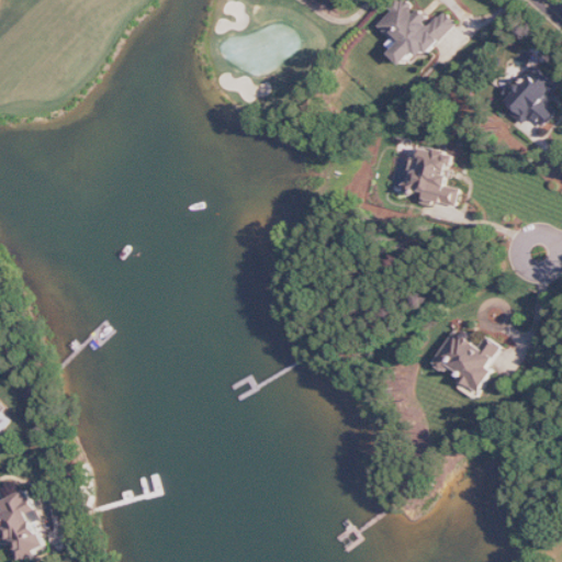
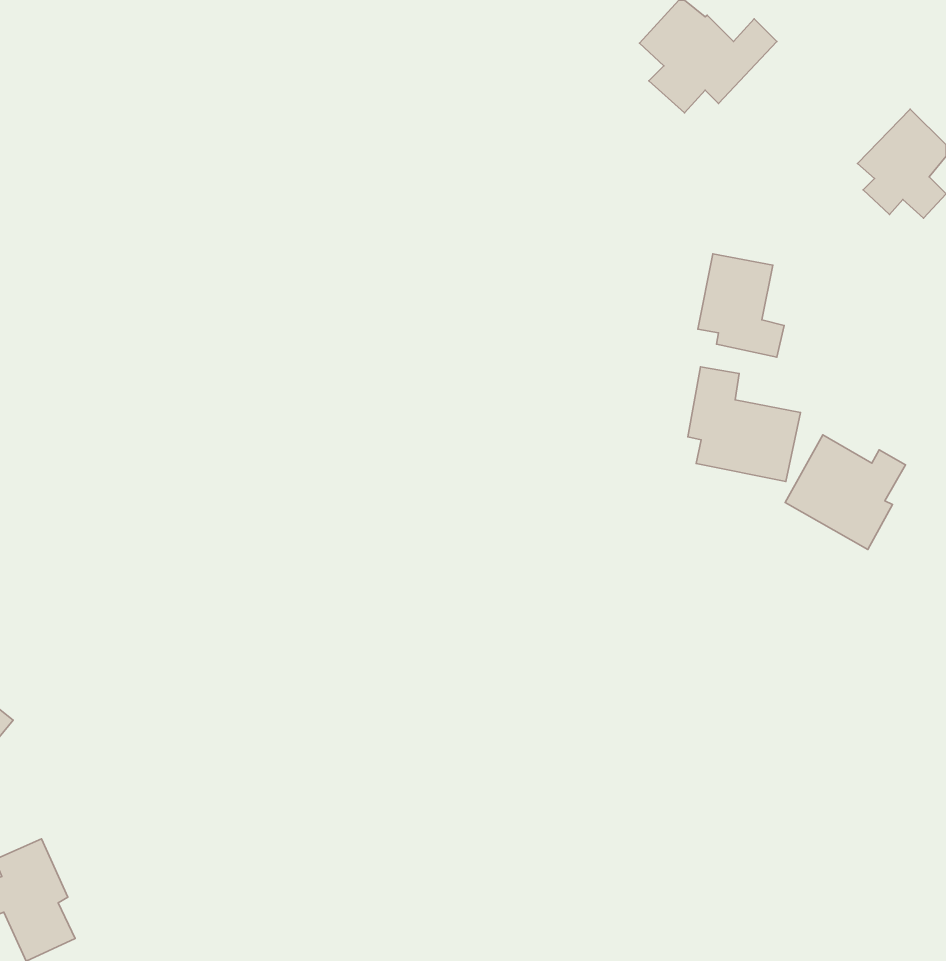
building: none -> [688,367,801,481]
building: [429,329,499,396] -> [785,435,906,550]

